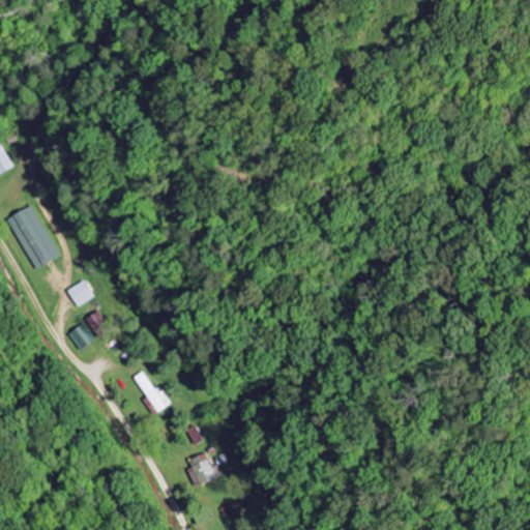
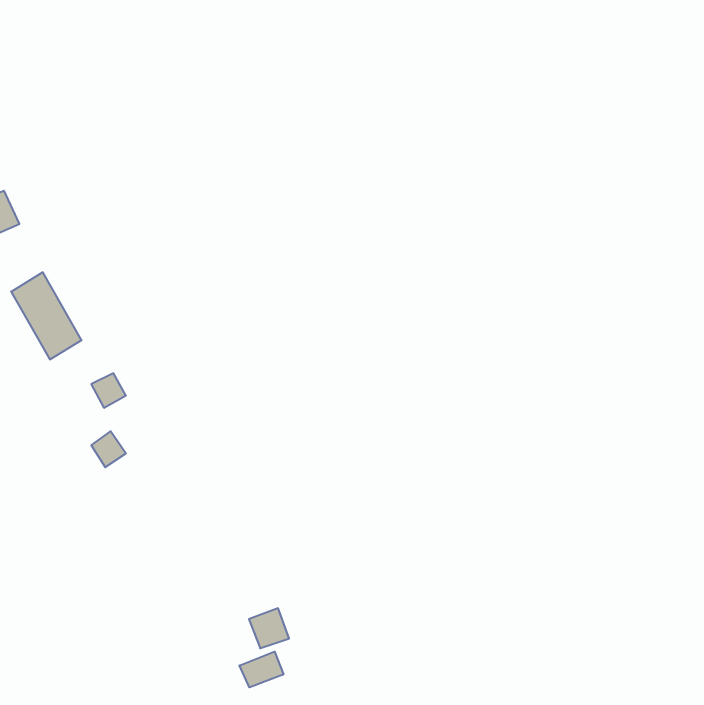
building: [137,371,171,412] -> none
building: none -> [239,652,283,687]

